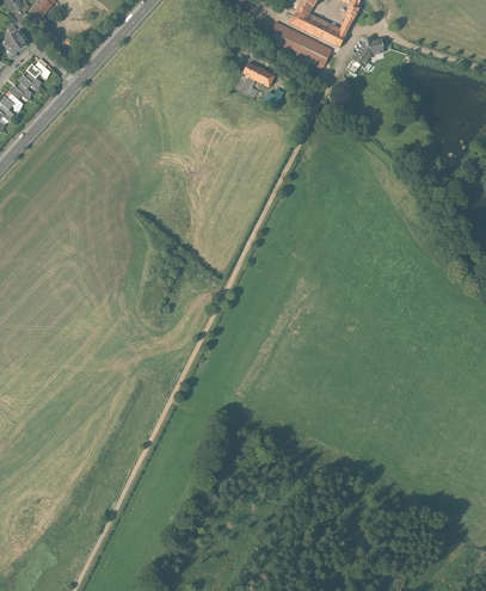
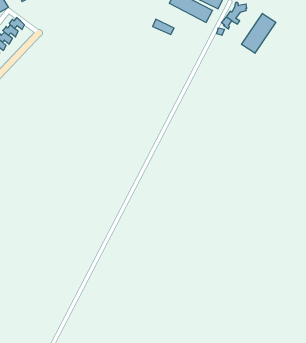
building: none -> [242,13,276,53]

